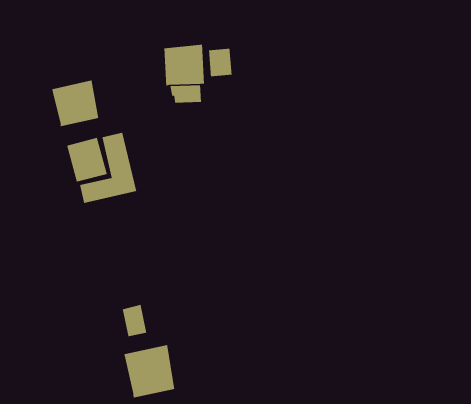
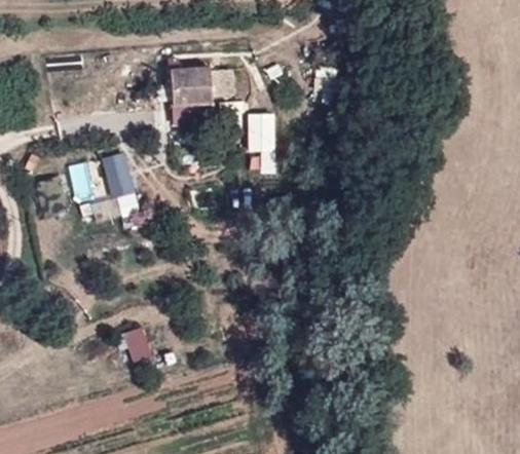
building: [51,79,99,127] -> none
building: none -> [248,114,275,175]
building: [123,344,175,398] -> none

